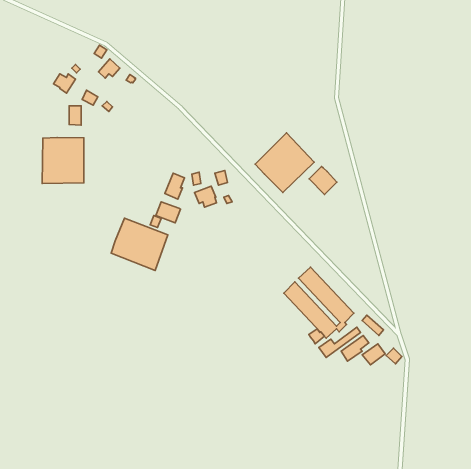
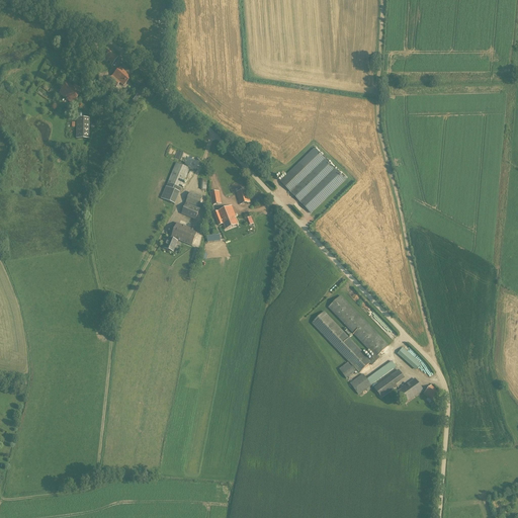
building: [42,138,84,183] -> none
building: none -> [161,161,190,202]
building: [309,166,337,195] -> none
building: [111,218,168,270] -> none

